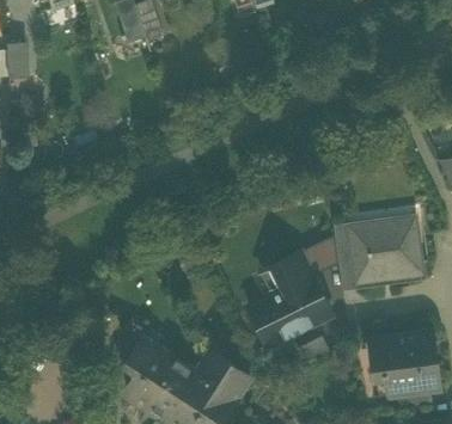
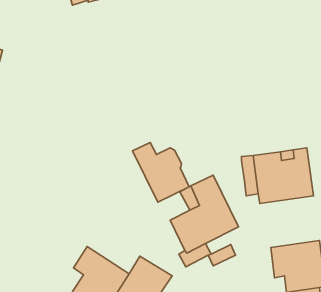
building: none -> [133,142,189,202]
building: [300,233,338,272] -> none

